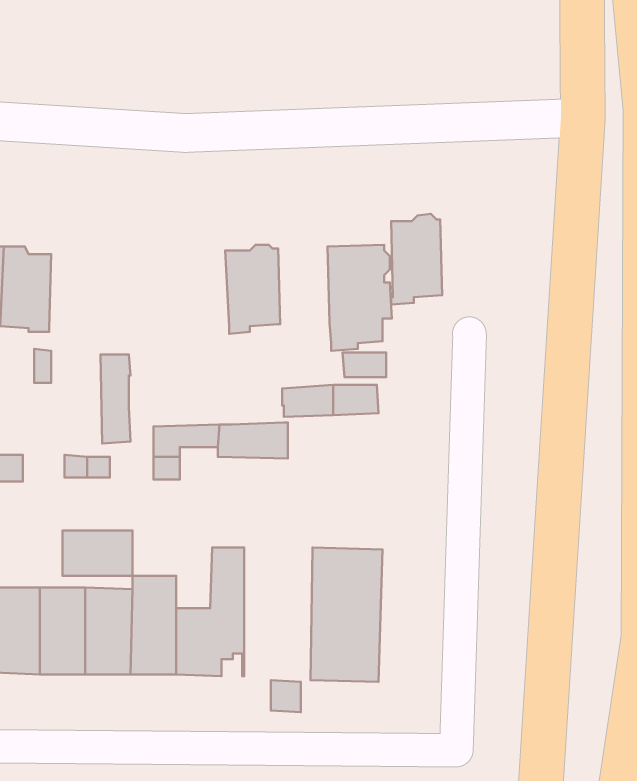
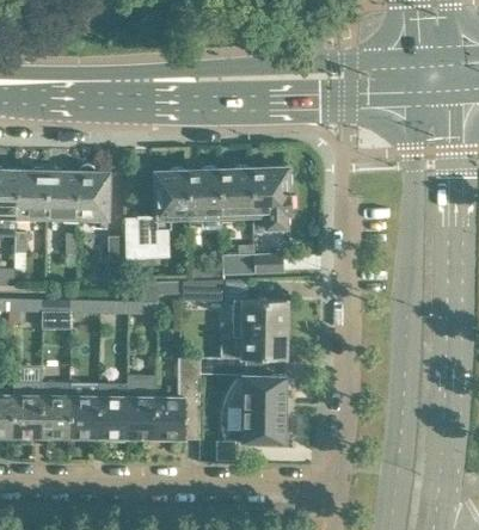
building: [391,214,442,305] -> [220,165,252,222]
building: none -> [75,165,106,228]
building: none -> [136,168,189,246]
building: none -> [220,301,287,359]
building: [63,531,133,576] -> none

